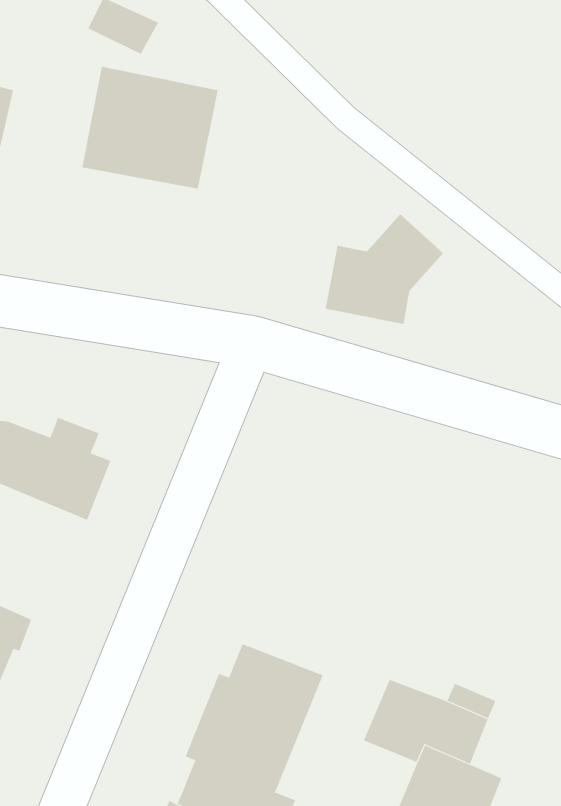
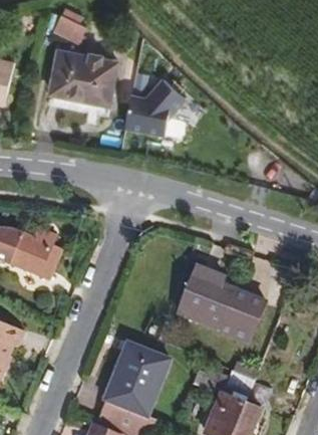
building: [325,213,444,325] -> [124,77,185,134]
building: none -> [178,266,264,342]

